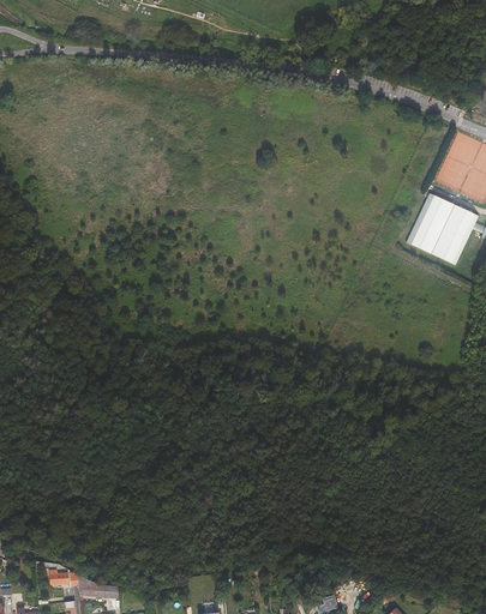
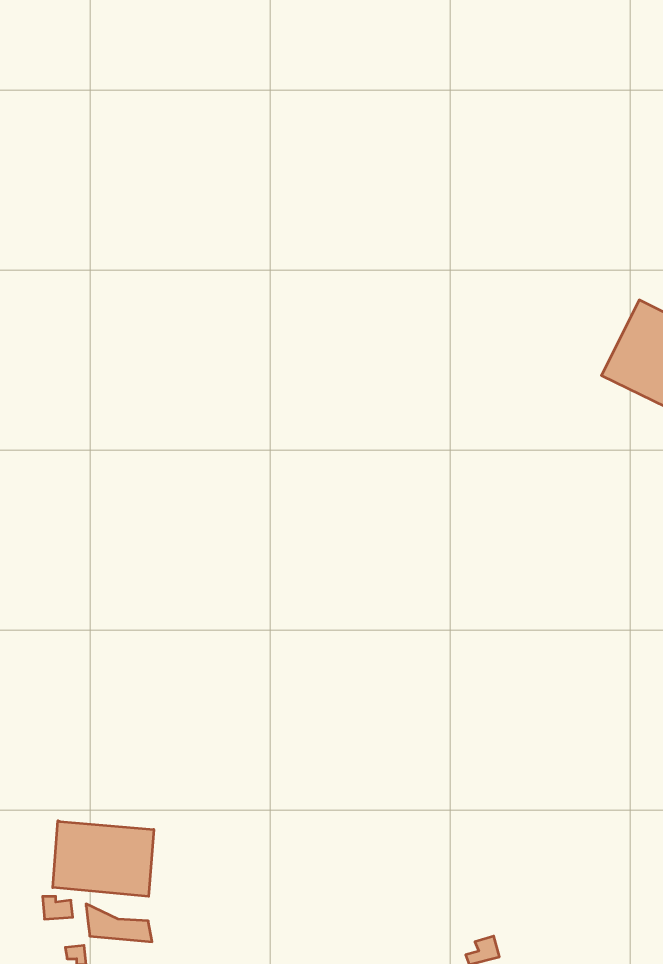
building: none -> [53,821,154,896]

